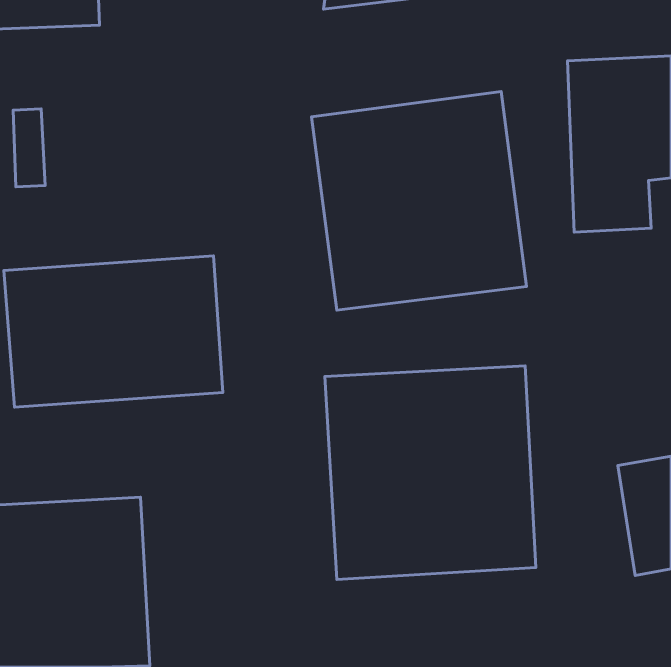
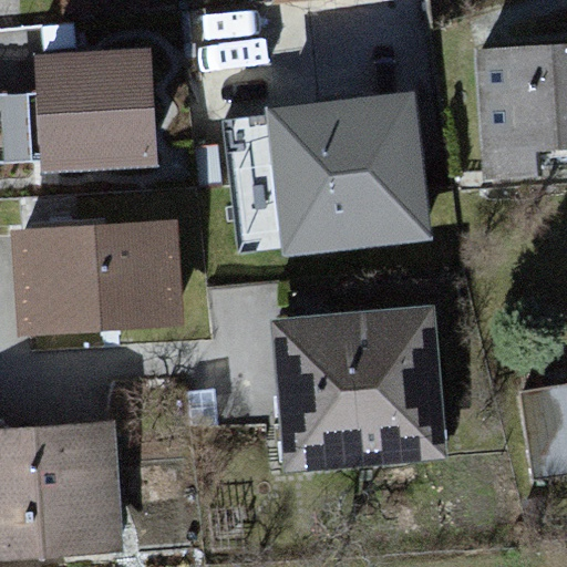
building: none -> [37,49,158,169]

